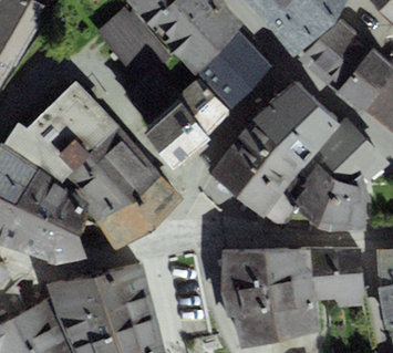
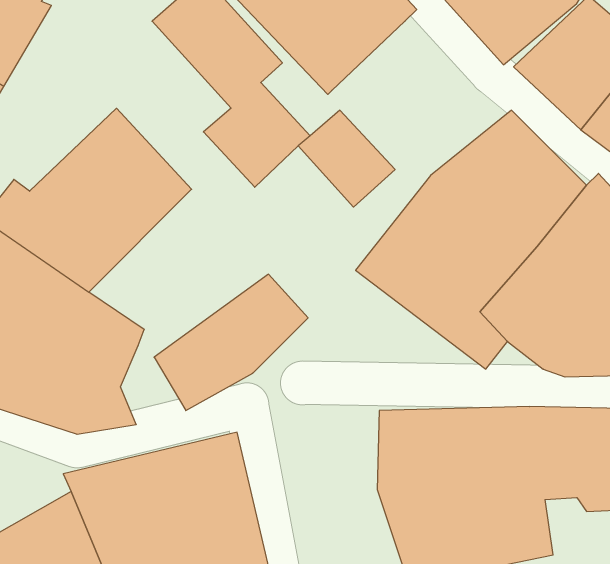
building: [197,33,271,107] -> none
building: [144,103,209,168] -> none
building: [61,127,162,221] -> none

